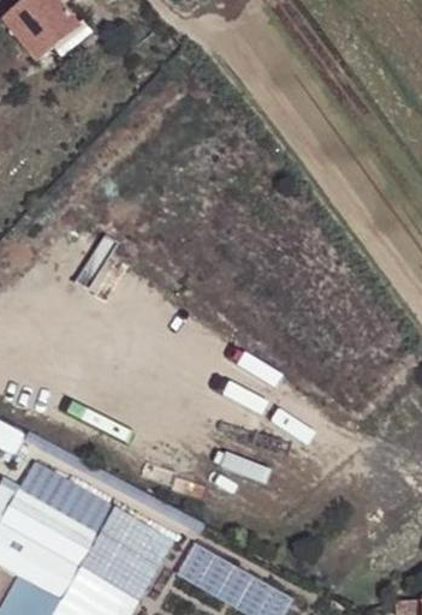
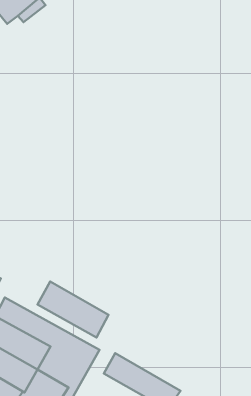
building: none -> [38,281,108,337]

